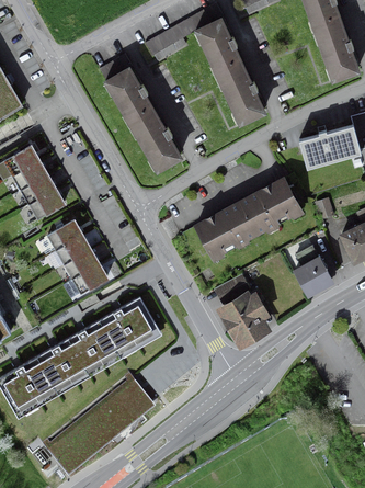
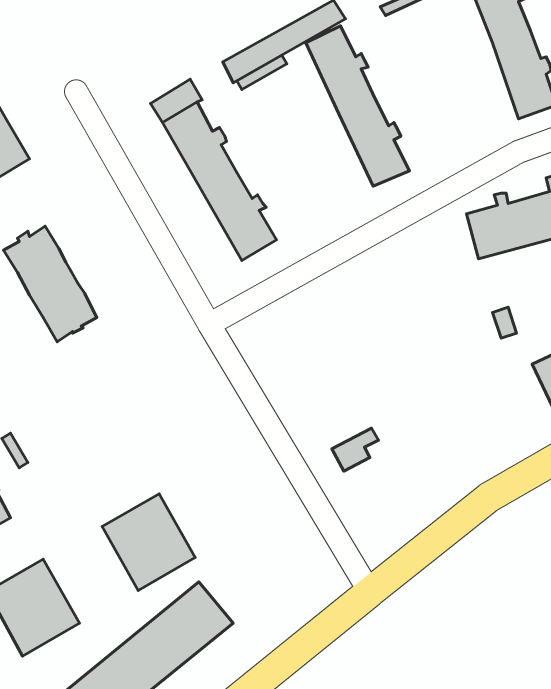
building: [183,179,300,256] -> none
building: [47,220,107,293] -> none
building: [295,246,332,294] -> none
building: [105,296,164,358] -> none
building: [224,297,264,341] -> none
building: [32,338,92,399] -> none

